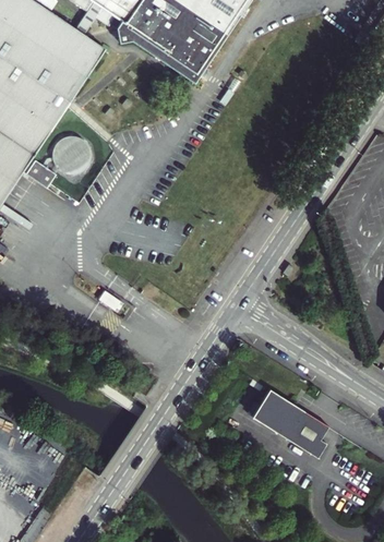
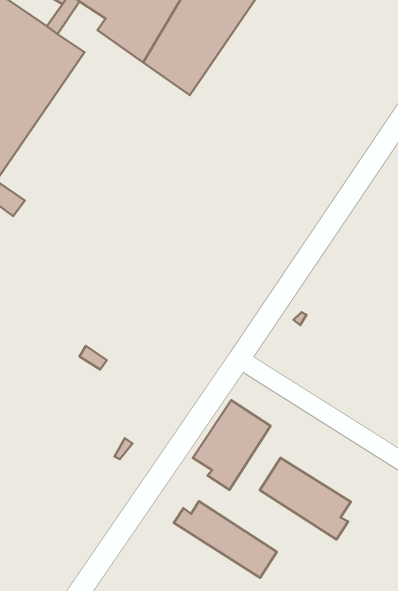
building: none -> [193,400,271,490]
building: none -> [174,501,277,578]

